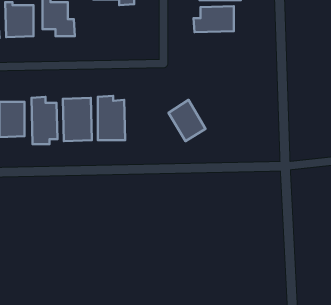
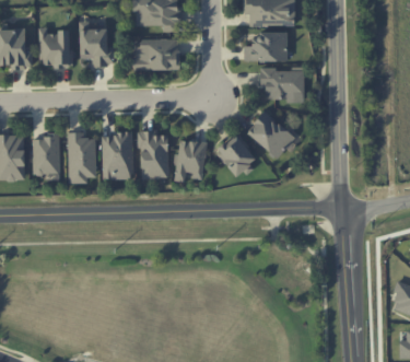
building: none -> [136,38,179,70]
building: none -> [260,69,304,101]
building: none -> [246,112,295,159]
building: none -> [174,139,207,182]

